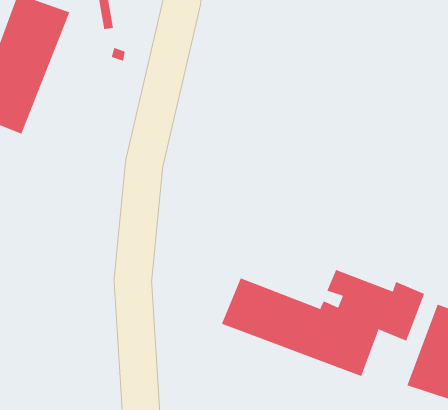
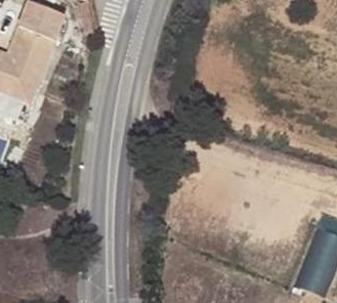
building: [221,269,425,377] -> none

